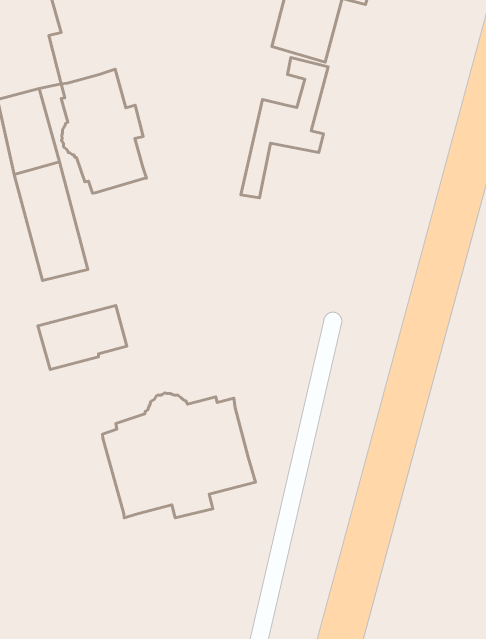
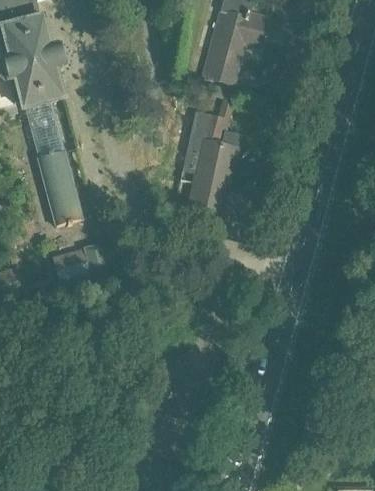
building: [61,69,146,193] -> none
building: none -> [185,137,232,226]
building: [102,393,256,518] -> none

